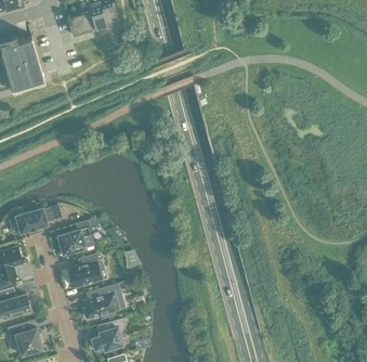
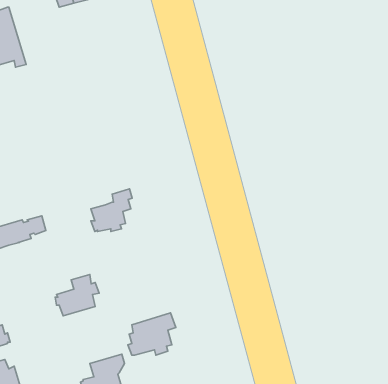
building: [56,220,90,255] -> [91,189,132,231]
building: [82,284,121,319] -> [128,313,176,355]

